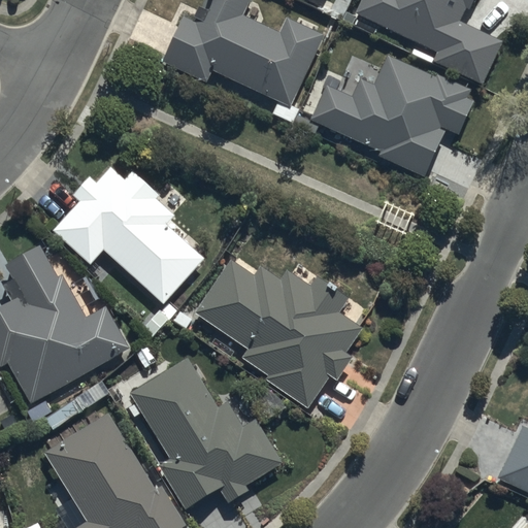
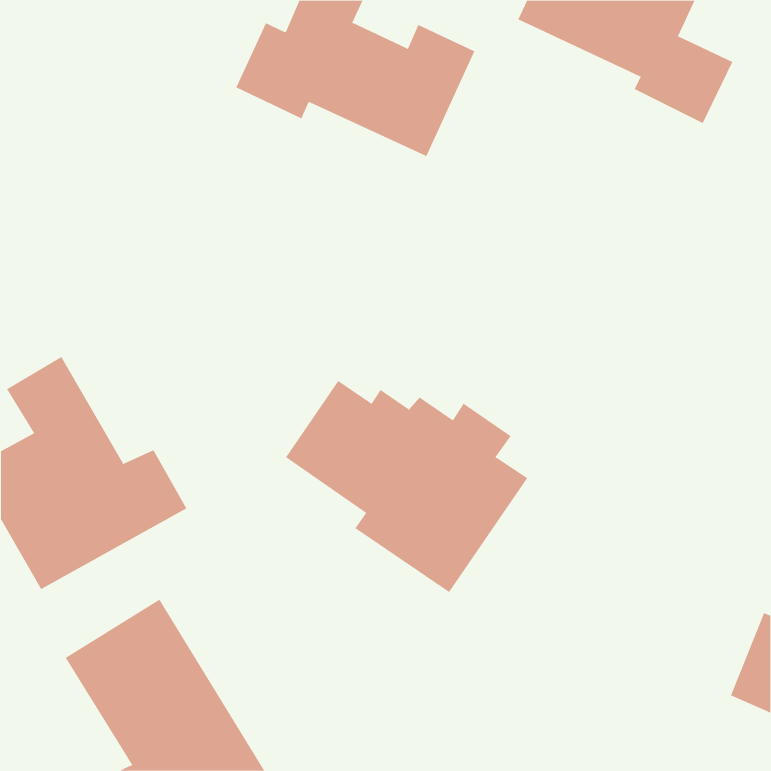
building: [310,53,477,176] -> none
building: [58,174,203,302] -> none
building: [130,358,287,512] -> none

